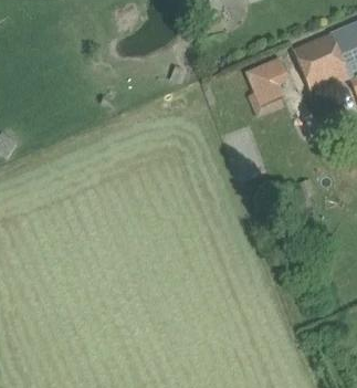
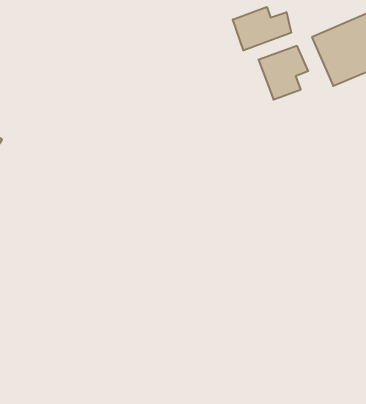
building: none -> [233,7,291,50]

